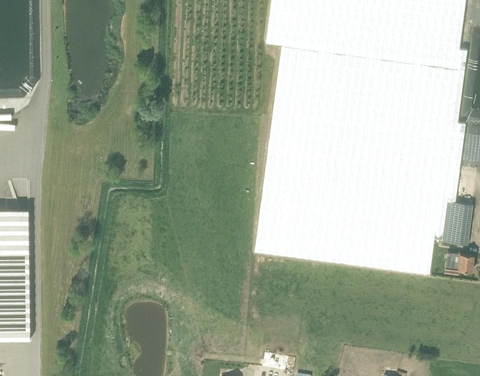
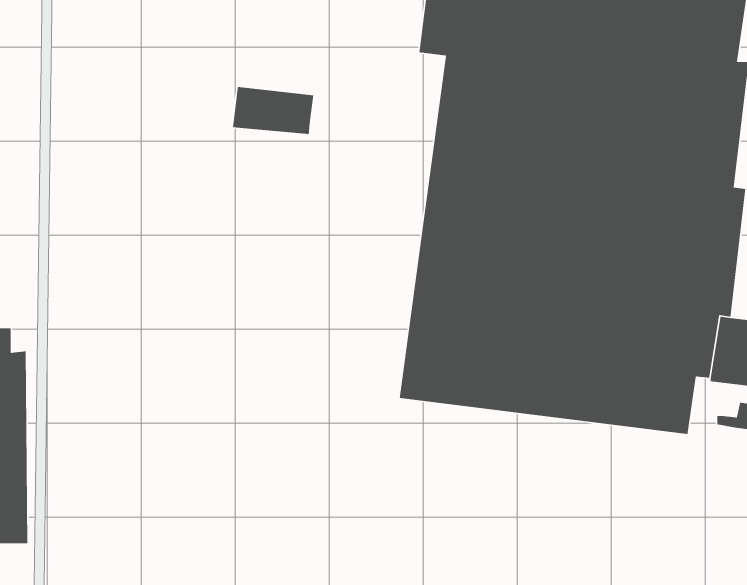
building: none -> [232,86,314,135]

